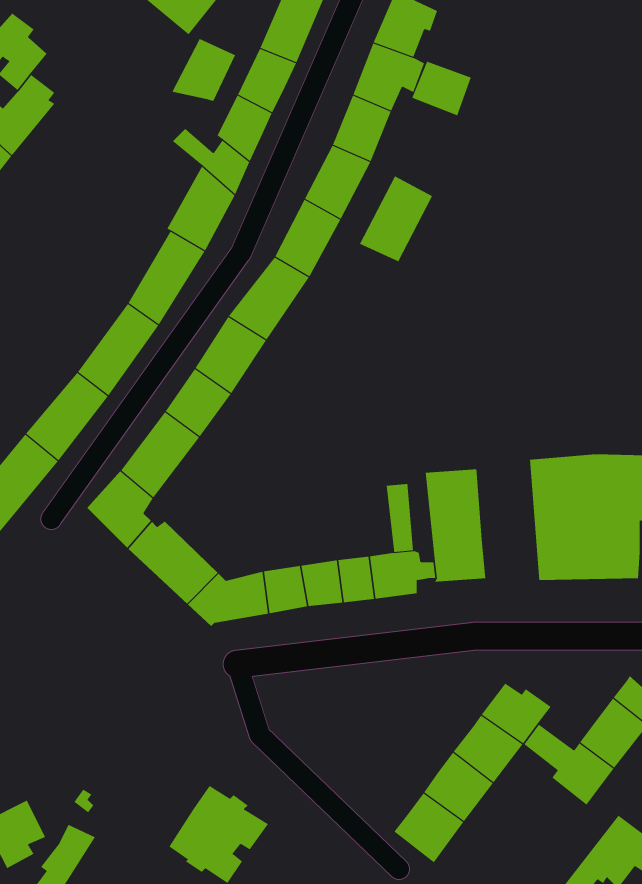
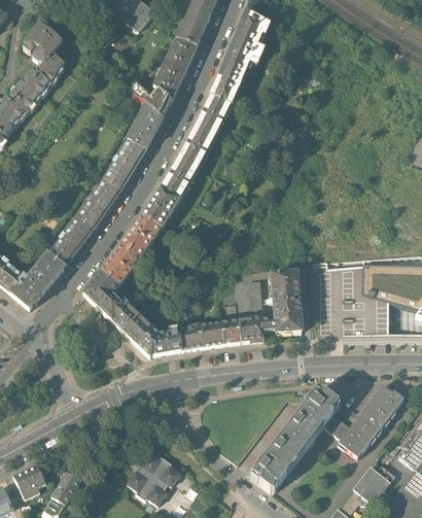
building: [172,38,236,102] -> none
building: [412,61,472,116] -> none
building: [359,175,433,262] -> none

